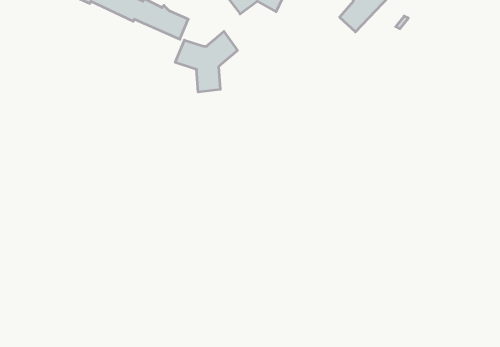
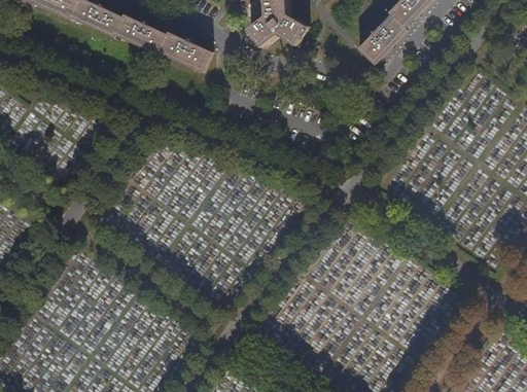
building: [175,31,237,92] -> none

